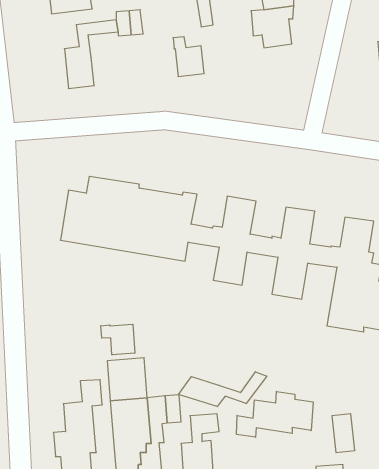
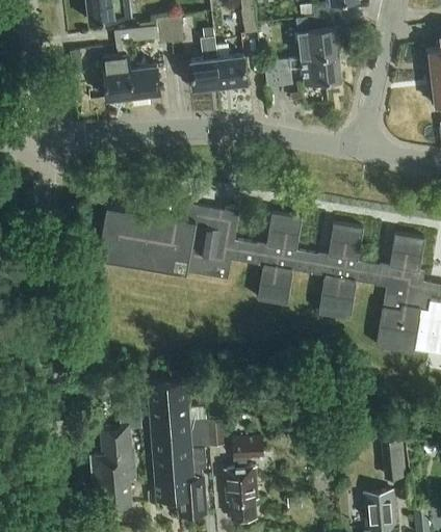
building: none -> [190,38,220,90]
building: none -> [264,54,342,89]
building: none -> [130,65,160,104]
building: [101,324,135,355] -> none
building: [178,372,267,407] -> none
building: [237,391,313,437] -> none

